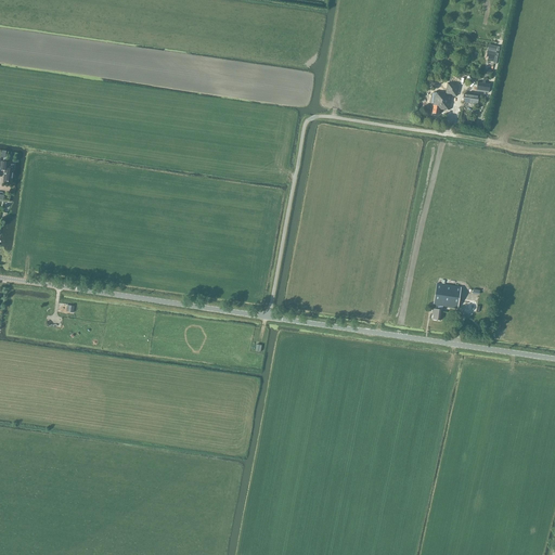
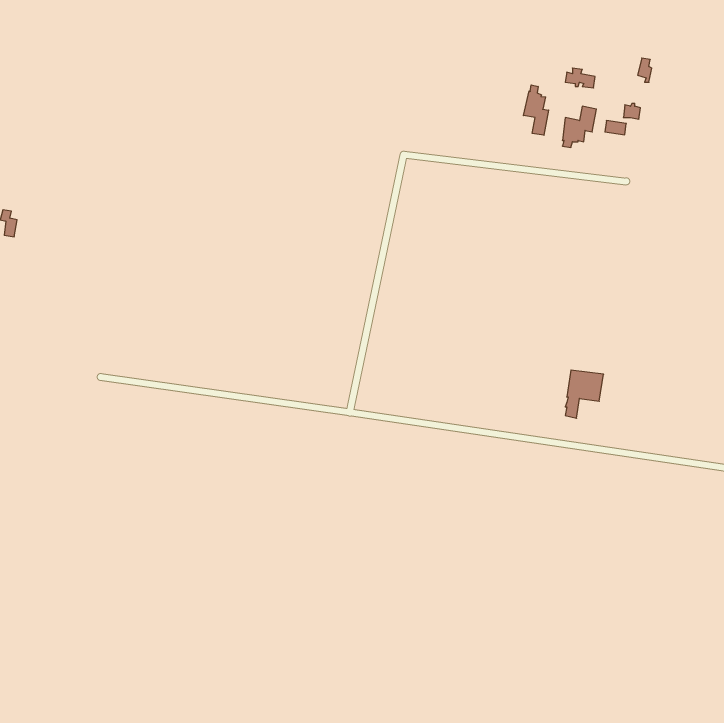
building: none -> [523,85,549,135]

